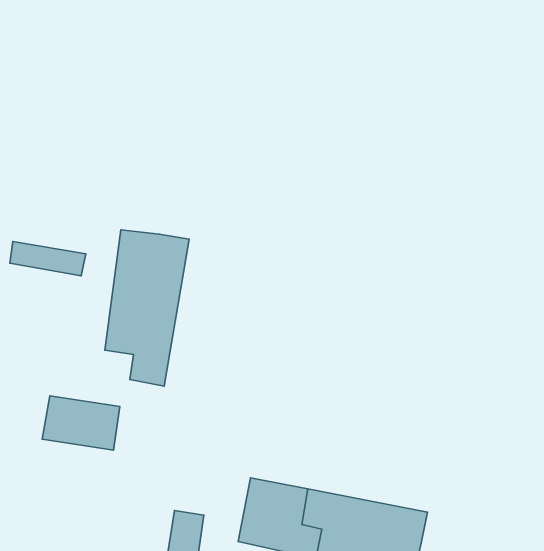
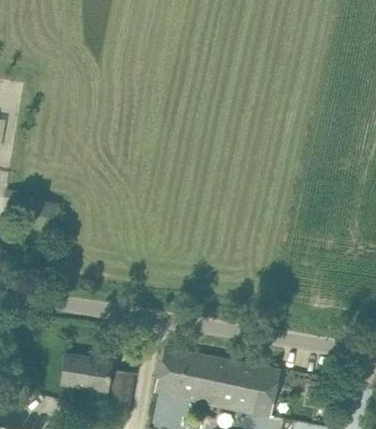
building: [105,230,189,386] -> none
building: [42,396,120,450] -> [61,356,111,391]

